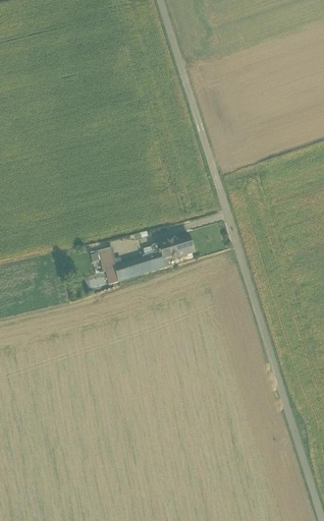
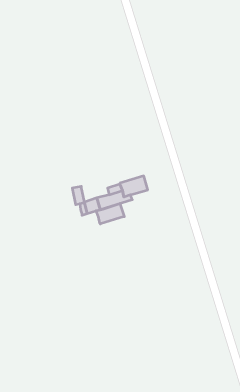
building: none -> [96,203,124,224]

